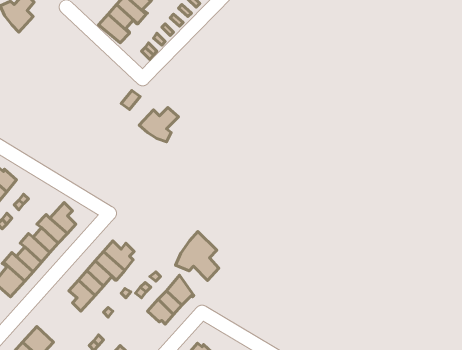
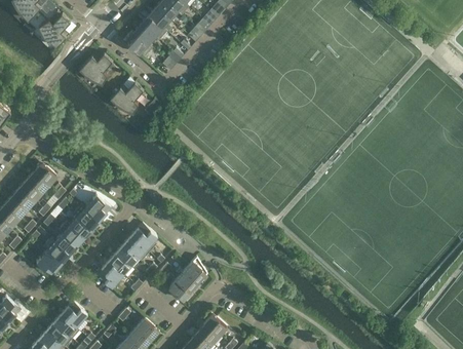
building: none -> [79,53,112,83]
building: [139,107,178,142] -> [110,82,144,112]
building: [176,231,219,281] -> none

